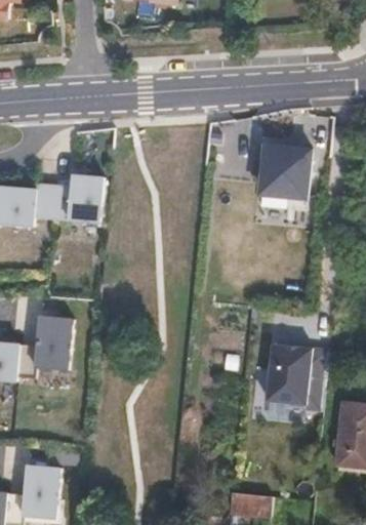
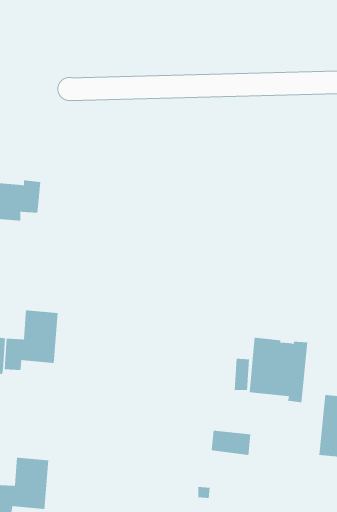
building: [260,136,320,194] -> none
building: [52,174,105,221] -> none
building: [230,491,271,517] -> [211,430,251,455]

